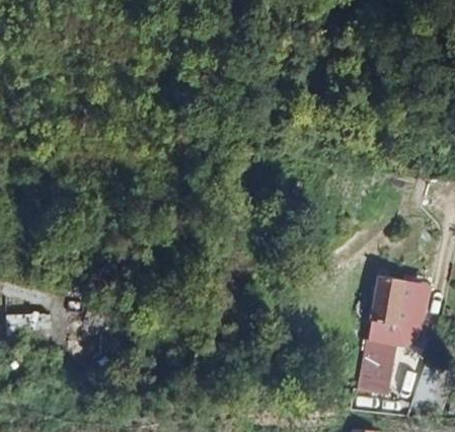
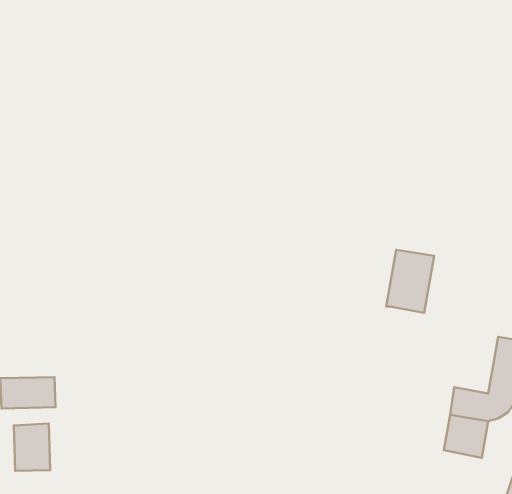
building: [368,276,406,327] -> [386,250,434,313]
building: none -> [14,424,50,471]

